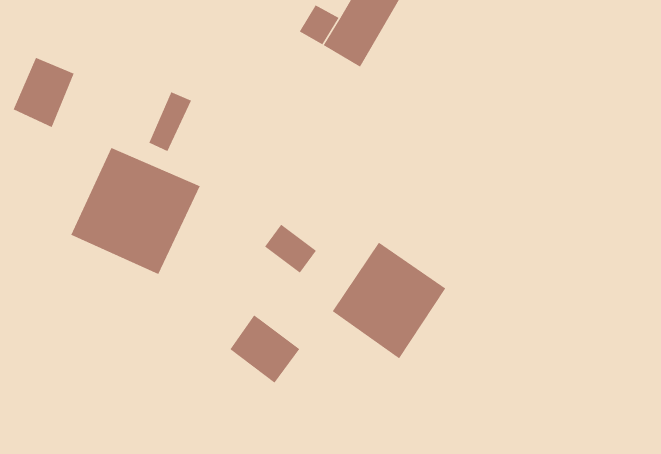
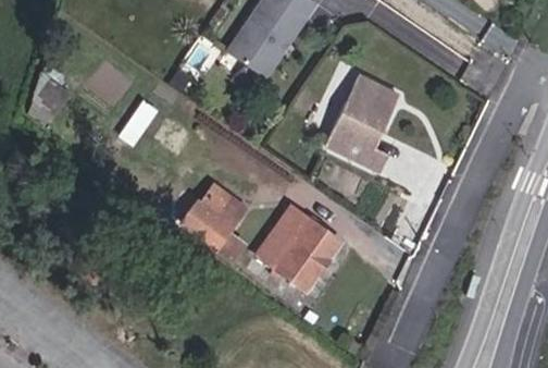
building: none -> [322,70,391,165]
building: [71,147,201,275] -> none
building: [230,314,300,384] -> [182,203,233,253]

